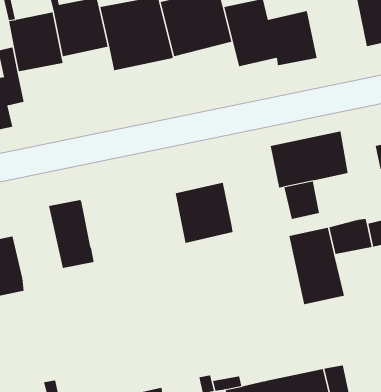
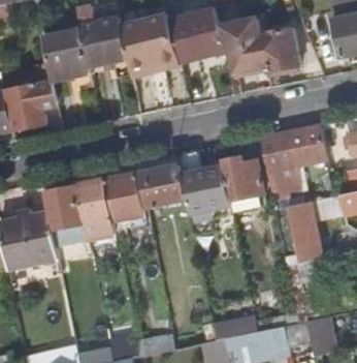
building: none -> [220,155,262,202]
building: none -> [138,164,186,209]
building: none -> [104,177,138,222]
building: none -> [43,185,88,246]

